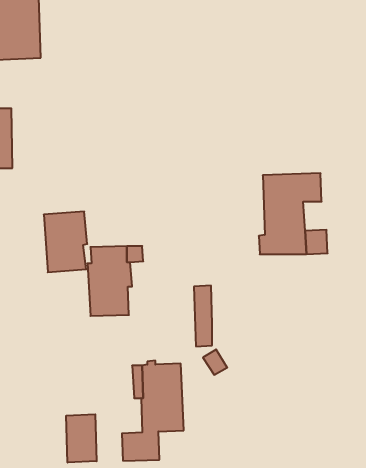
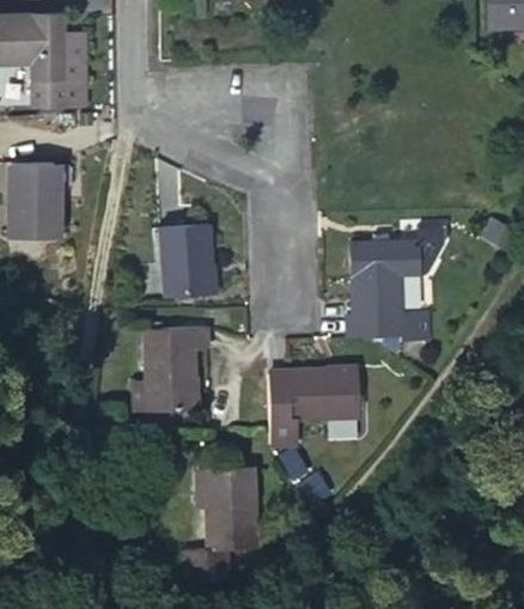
building: [44,212,87,272] -> [160,226,212,298]
building: none -> [290,371,359,420]
building: [66,414,97,463] -> none

